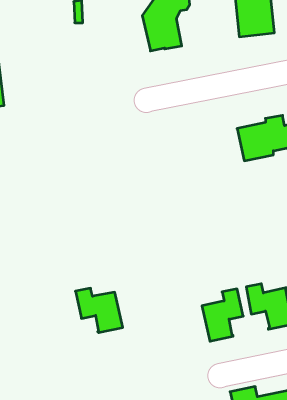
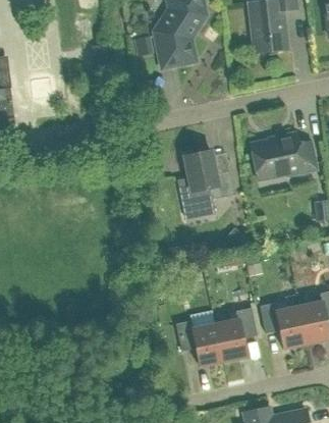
building: none -> [176,150,234,219]
building: [75,288,123,333] -> [175,320,223,365]

